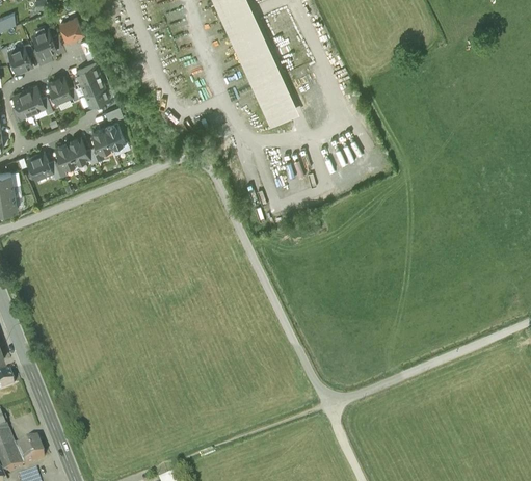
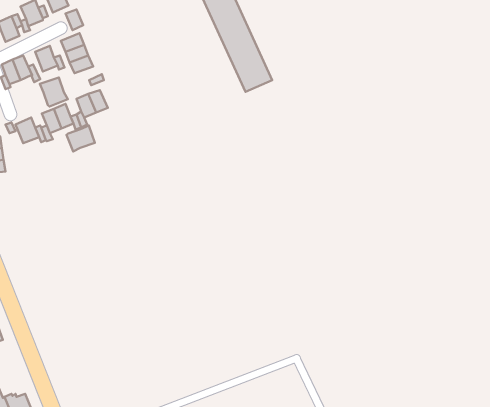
building: none -> [40,77,68,107]
building: none -> [67,126,95,151]

